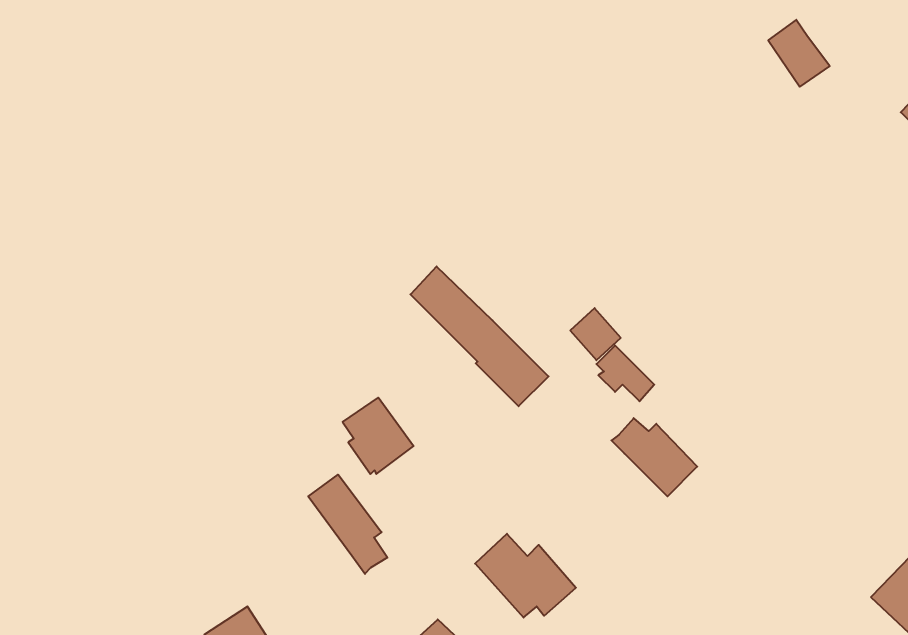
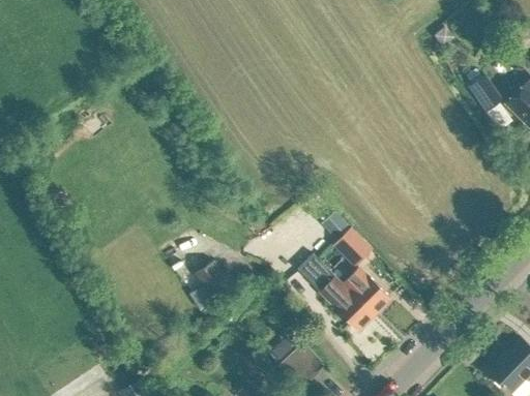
building: [768,20,830,87] -> [469,74,503,112]
building: [410,266,549,406] -> [298,254,375,332]
building: [308,475,387,574] -> none

